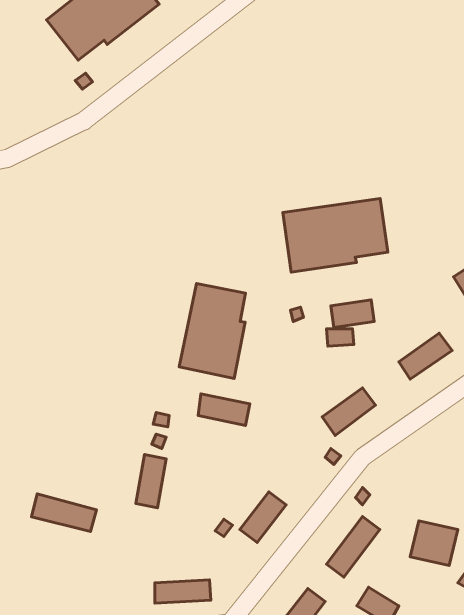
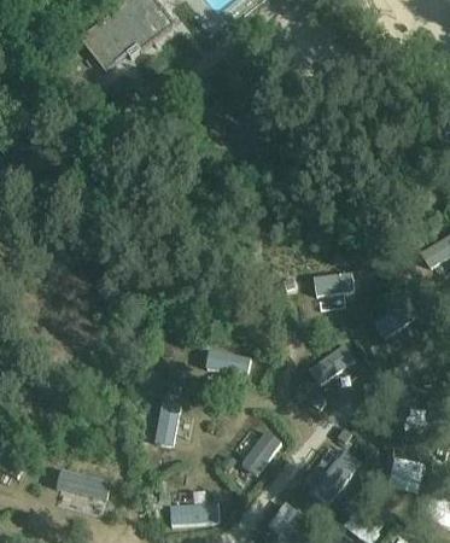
building: [283,198,388,272] -> none
building: [179,283,246,379] -> none
building: [31,494,96,531] -> [55,468,110,500]

